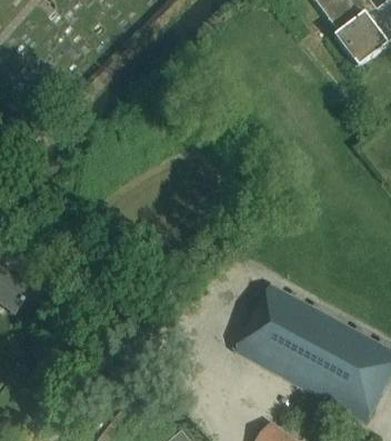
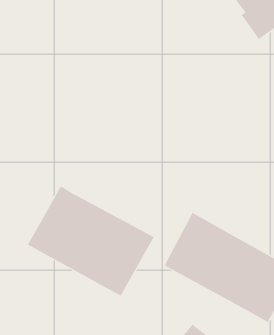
building: none -> [27,185,155,297]

